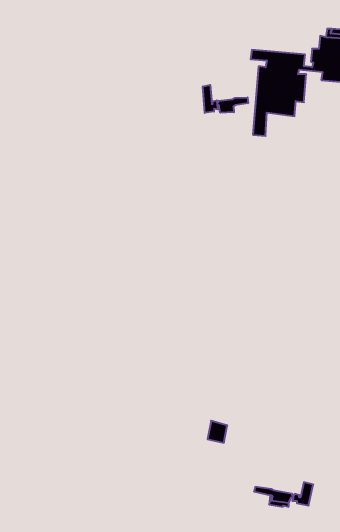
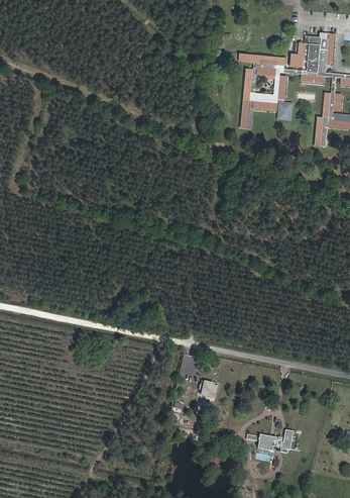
building: [203,85,248,113] -> none

